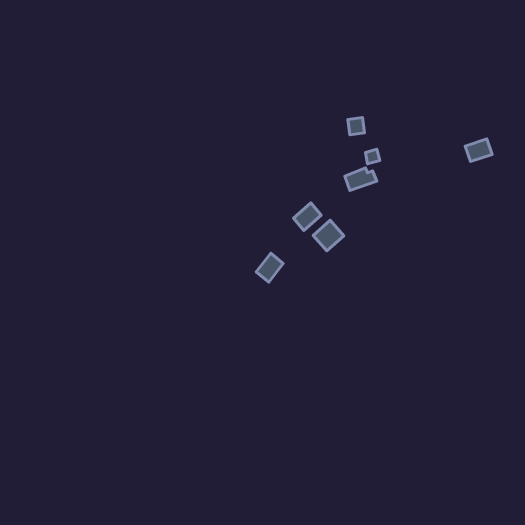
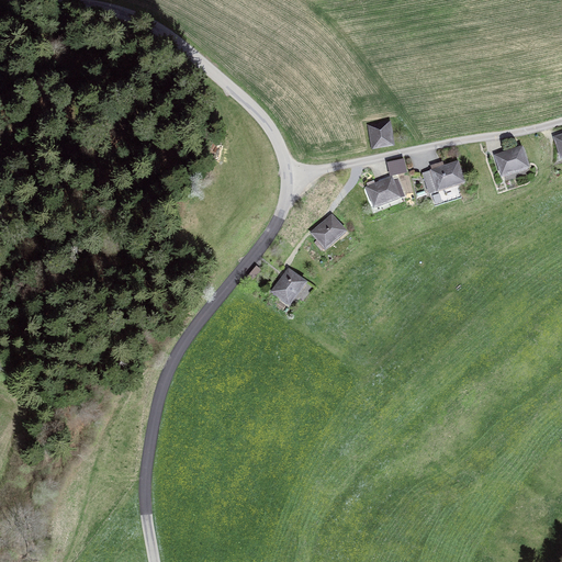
building: none -> [424,161,461,190]
building: [313,220,344,251] -> none

